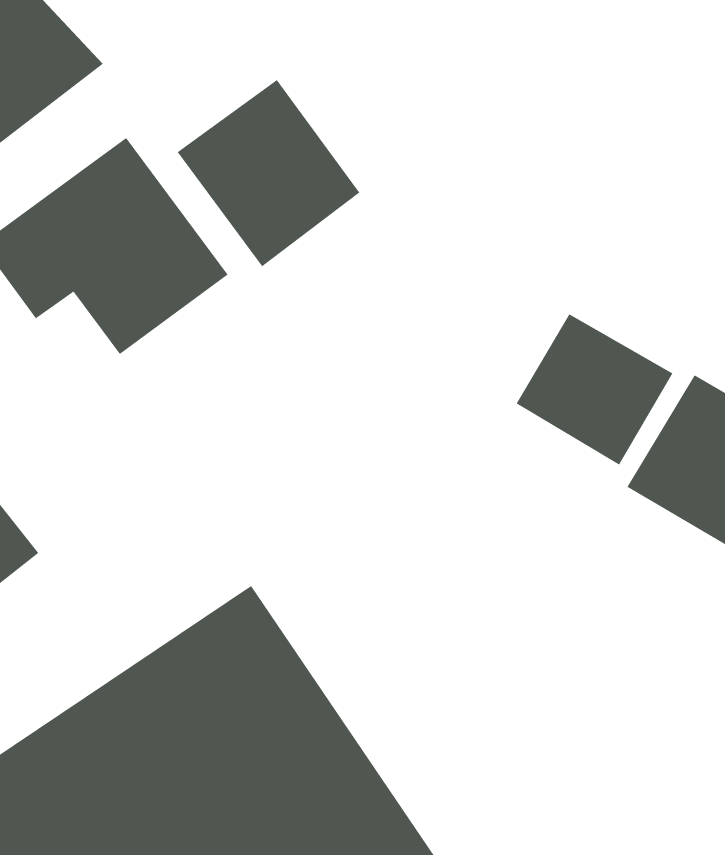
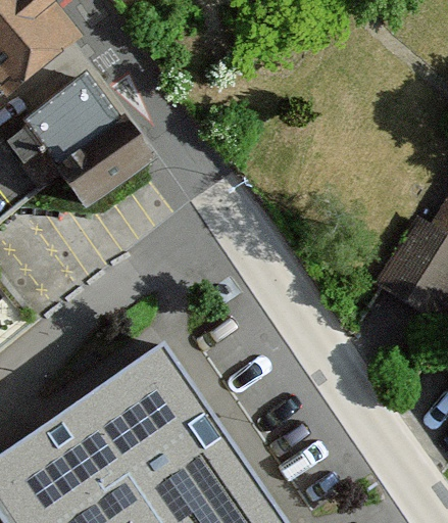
building: [177,79,360,267] -> none
building: [516,314,673,465] -> none

